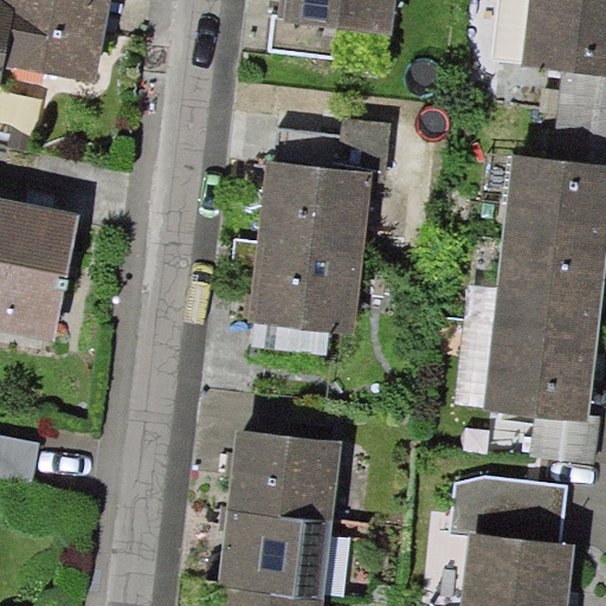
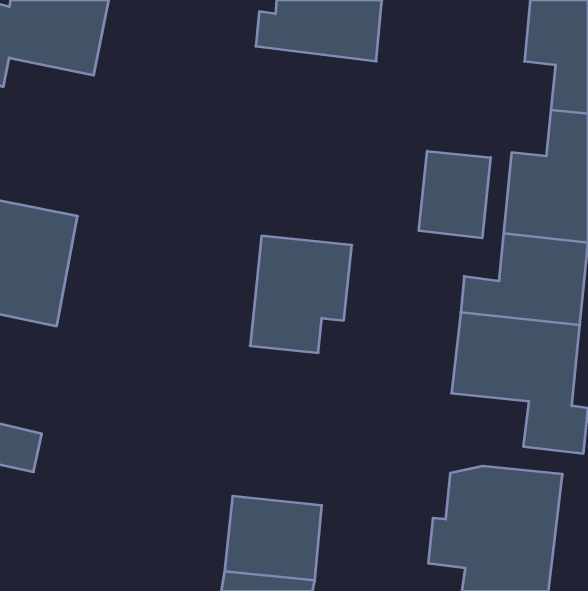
building: [267,128,391,251] -> none
building: none -> [419,151,491,238]
building: [238,431,337,517] -> none

